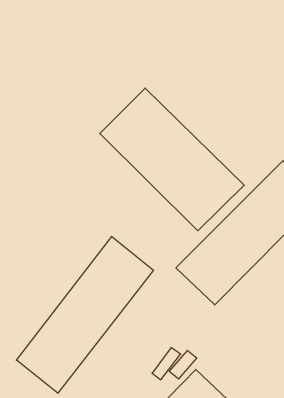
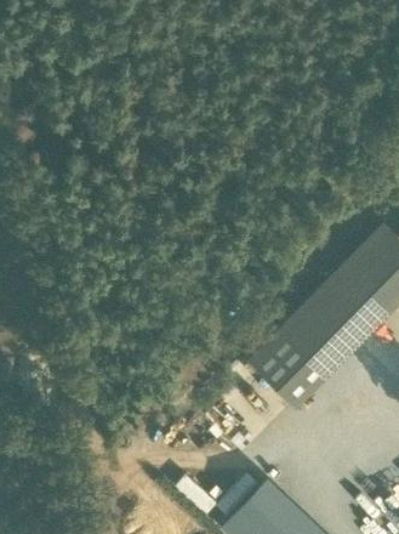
building: [100,88,244,231] -> none
building: [16,236,153,393] -> none

